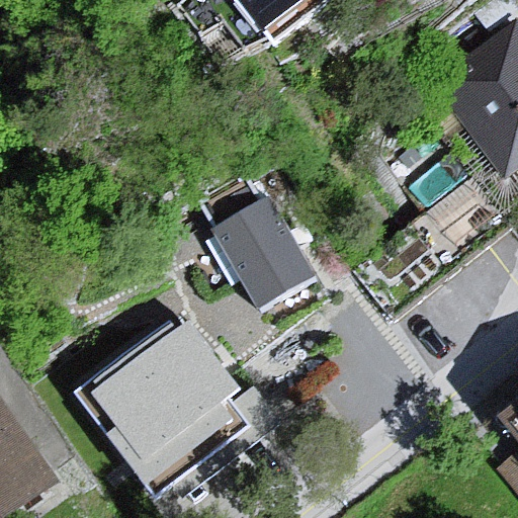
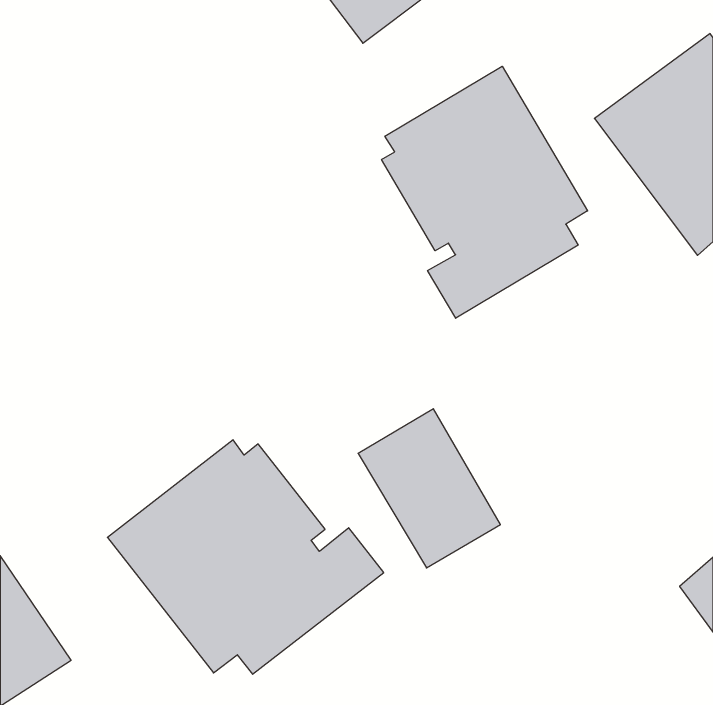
building: none -> [382,66,588,318]
building: [212,192,316,308] -> [358,409,500,568]

